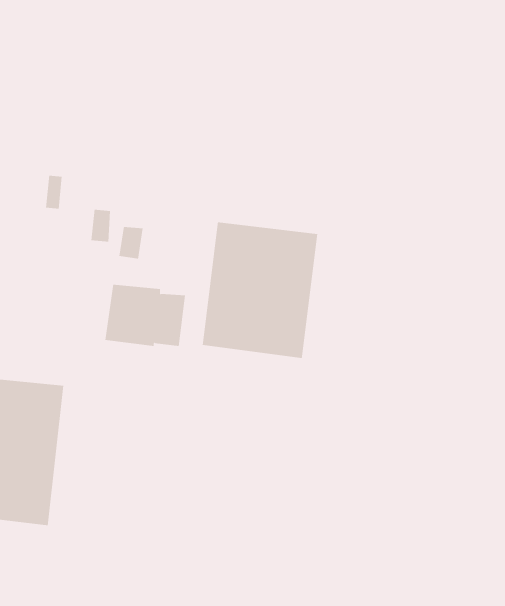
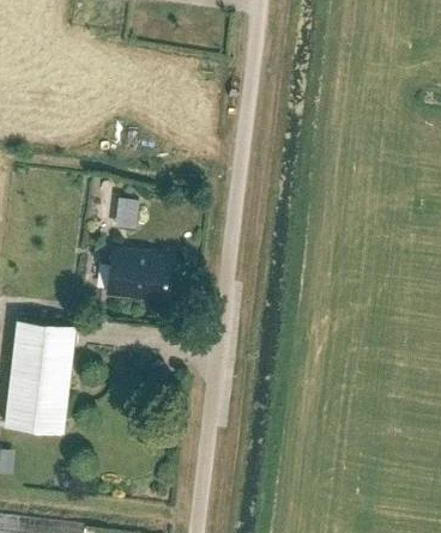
building: [202,222,318,359] -> none

